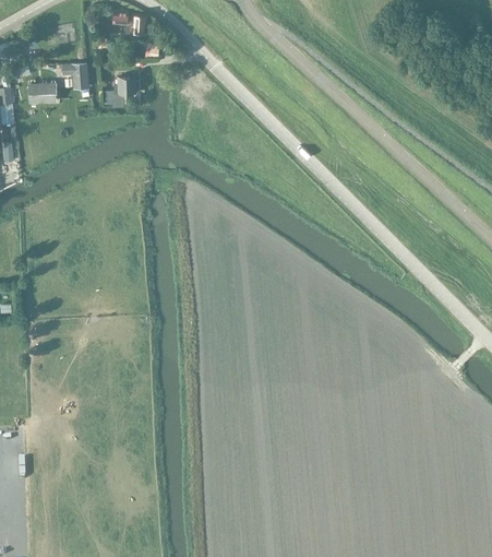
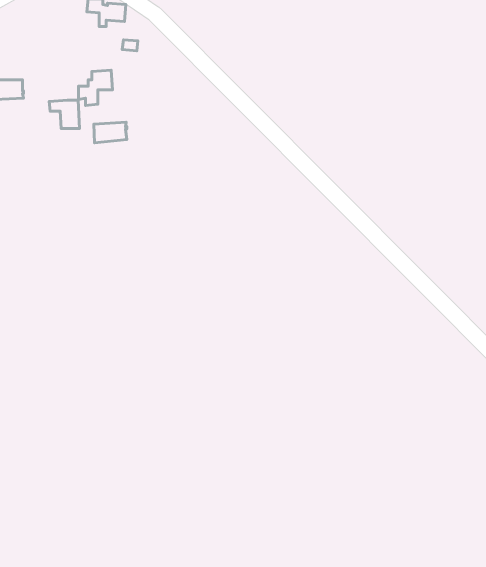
building: [61,63,88,88] -> [49,100,80,128]
building: none -> [94,122,127,143]

